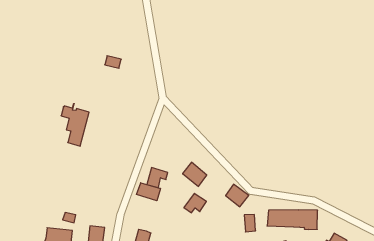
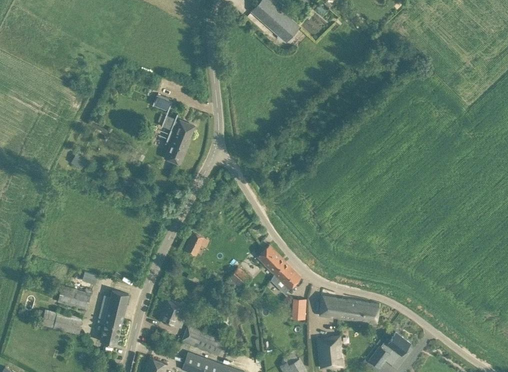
building: [61,104,89,146] -> [160,114,193,164]
building: [183,162,207,186] -> [256,245,284,274]
building: [137,183,160,201] -> none

